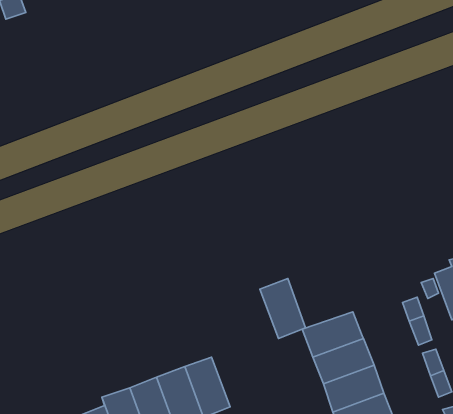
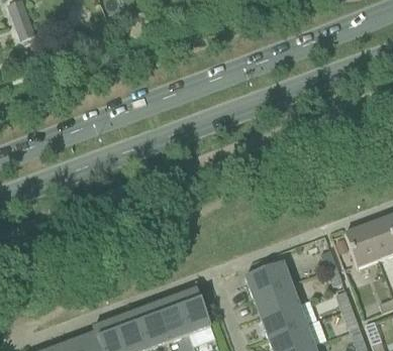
building: [260,278,305,339] -> [176,287,210,333]

